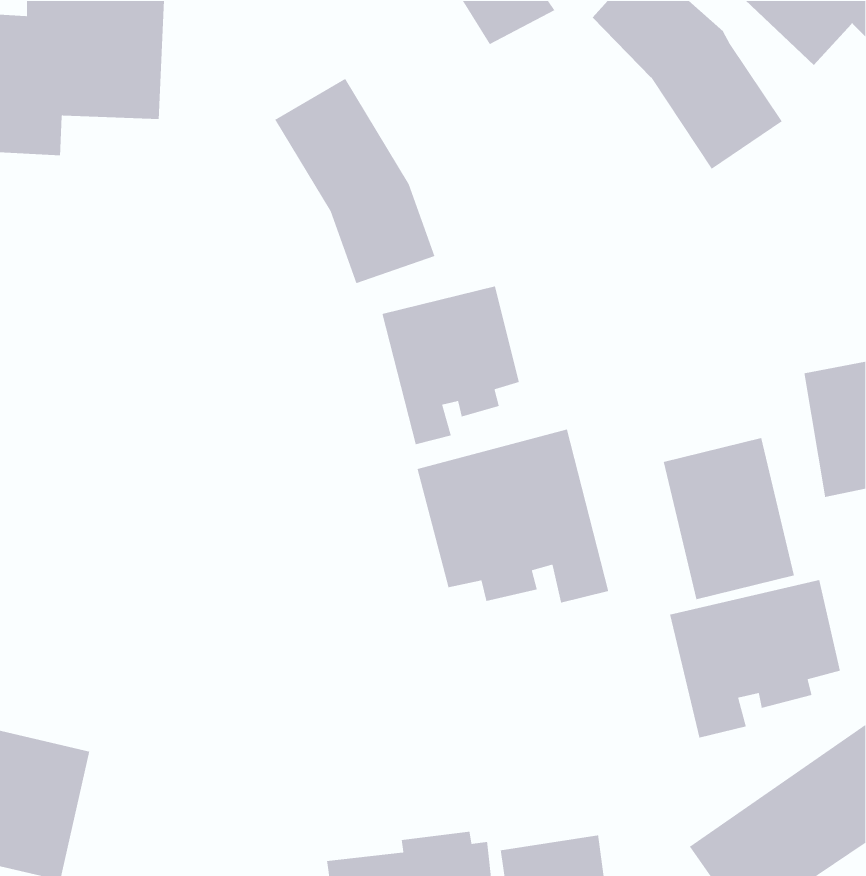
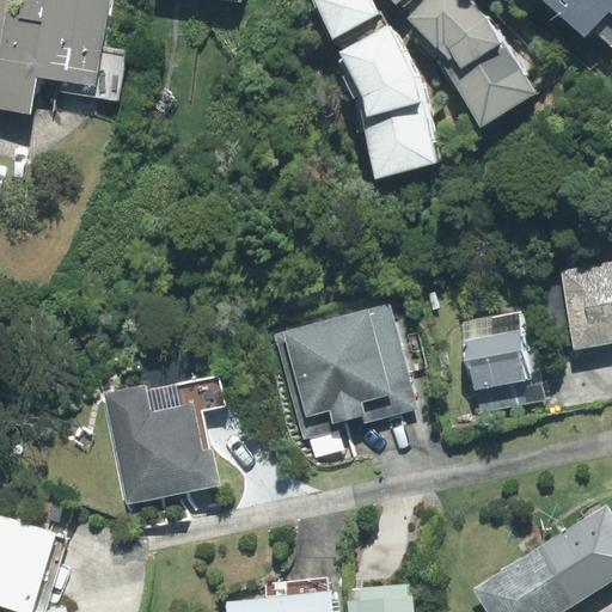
building: [274,78,436,284] -> [329,39,440,182]
building: [382,286,520,445] -> none
building: none -> [96,384,227,503]
building: [669,579,841,739] -> none

